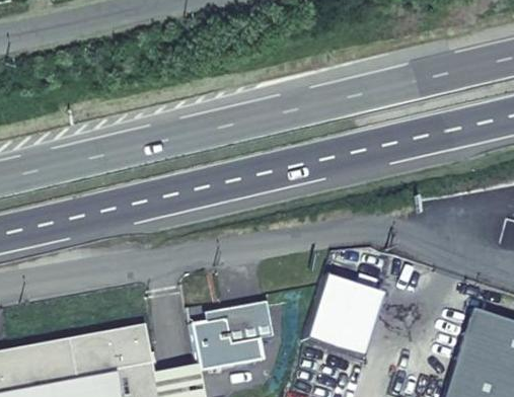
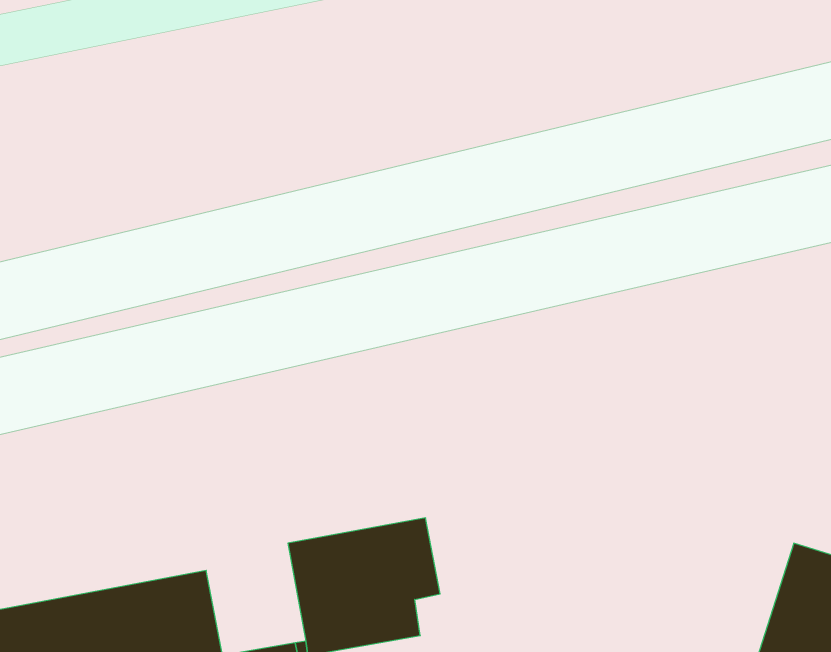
building: [305,273,384,358] -> none

